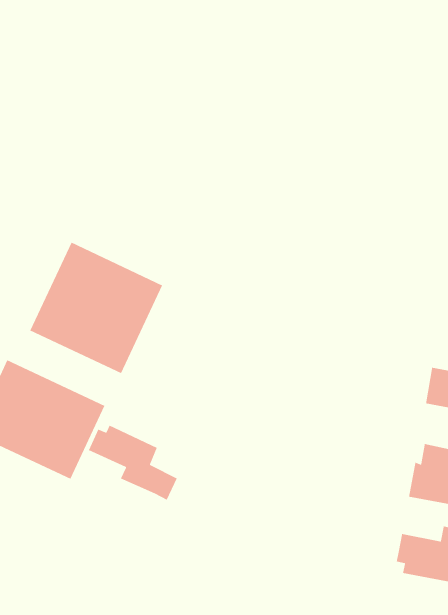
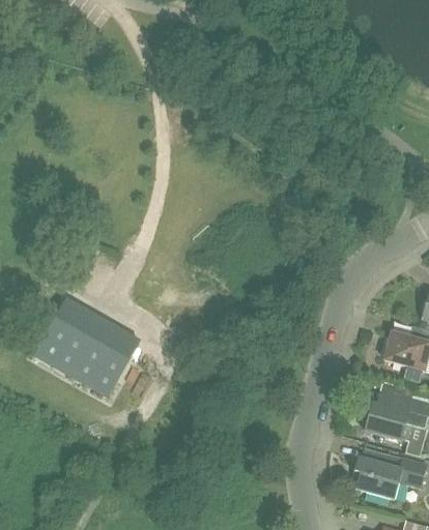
building: [29,242,163,374] -> none
building: [88,425,178,501] -> none

